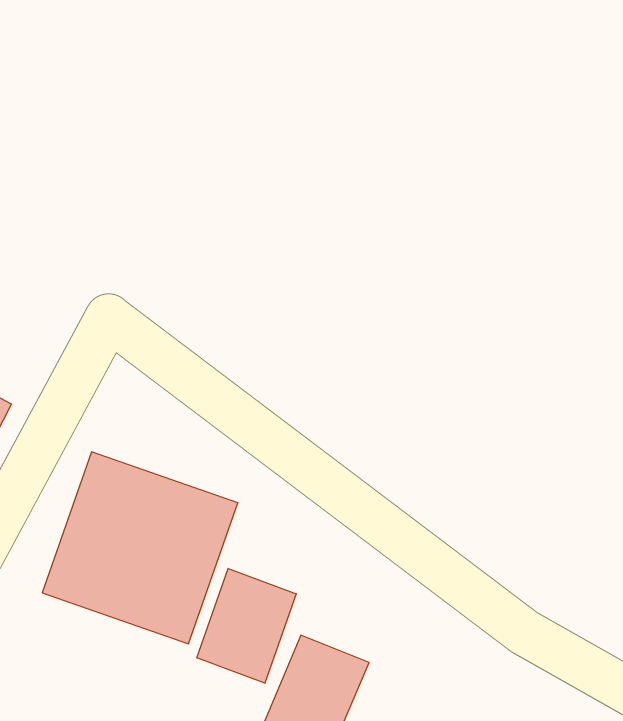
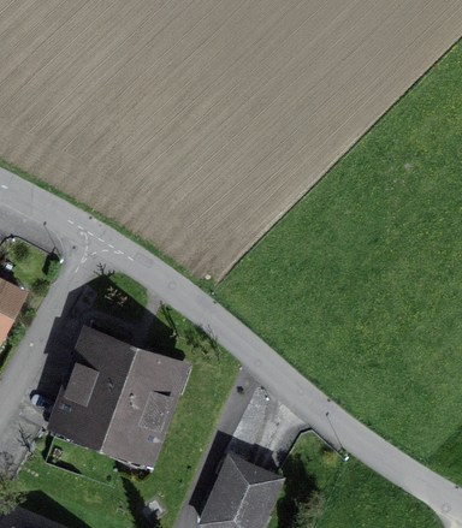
building: [197,568,296,683] -> none

